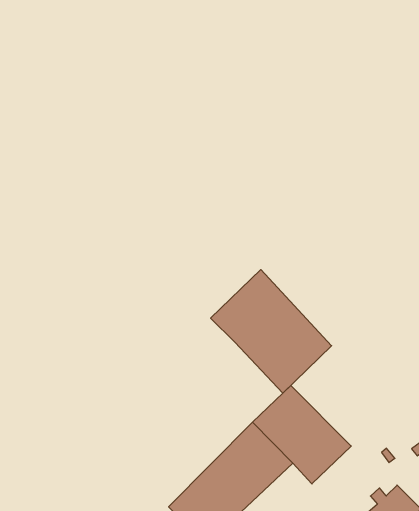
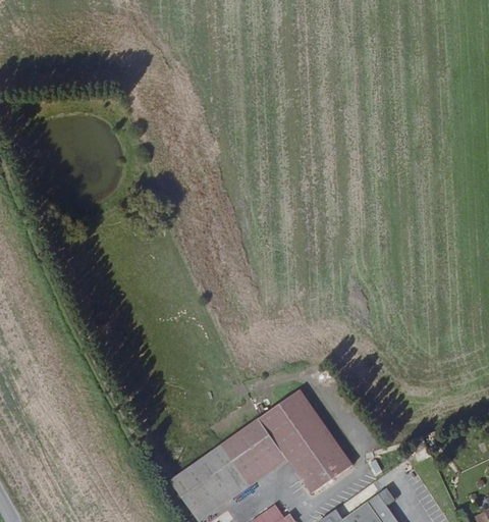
building: [211,270,332,393] -> none
building: none -> [303,453,352,494]

